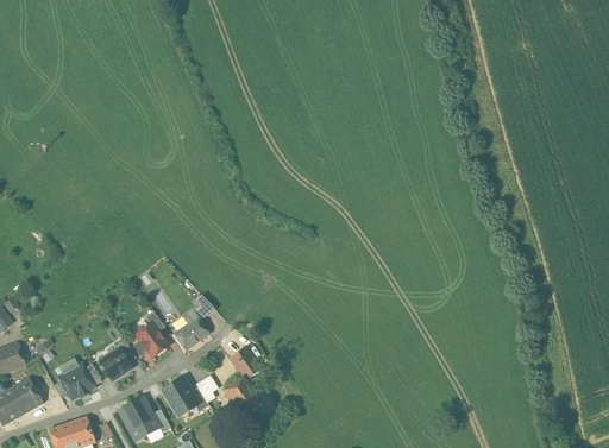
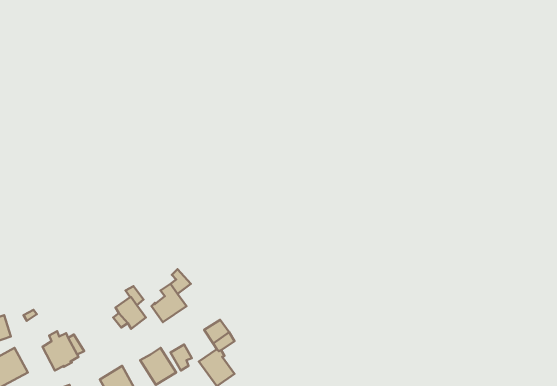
building: [100,348,132,379] -> none

